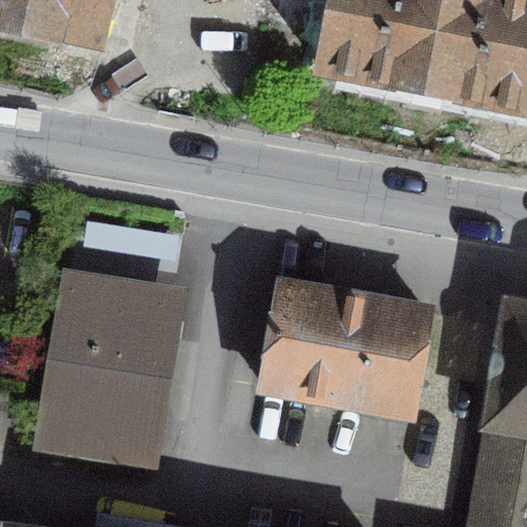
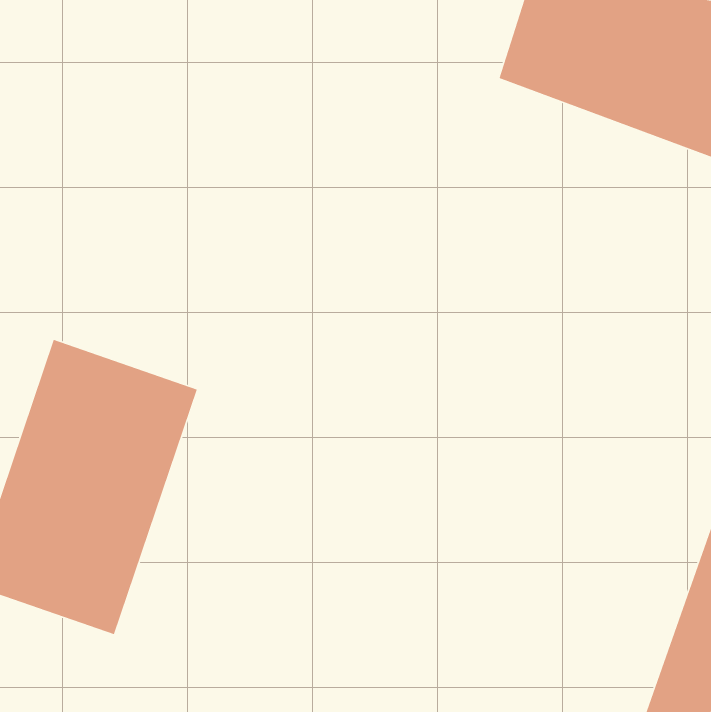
building: [270,286,431,413] -> none

